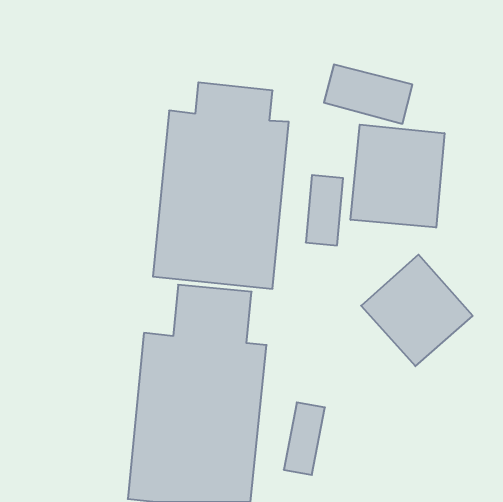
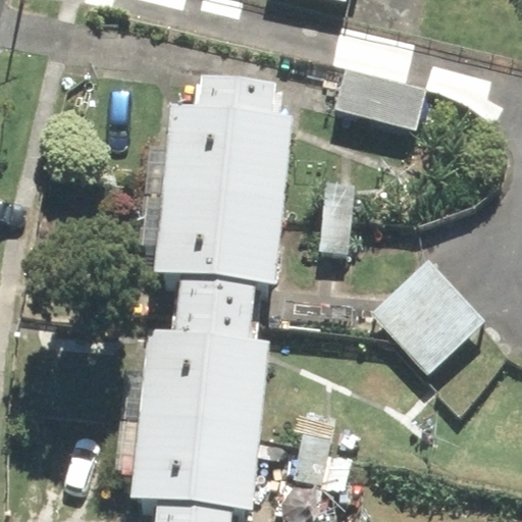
building: [351,125,444,228] -> none

